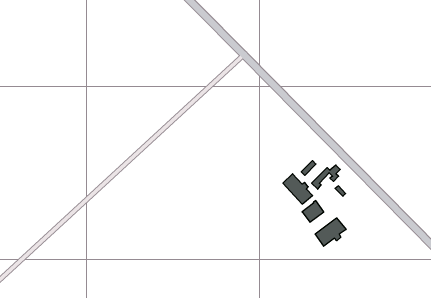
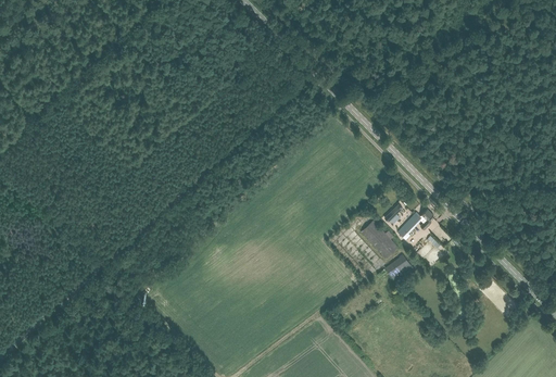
building: [315,218,346,246] -> none

